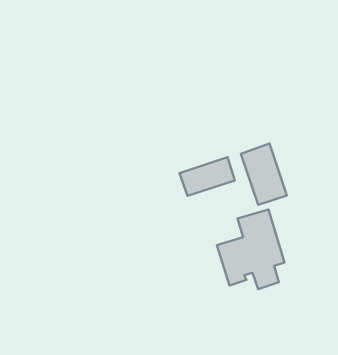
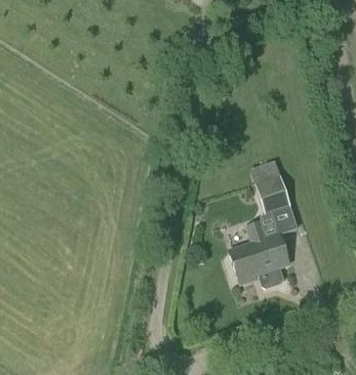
building: [179,157,235,196] -> none

